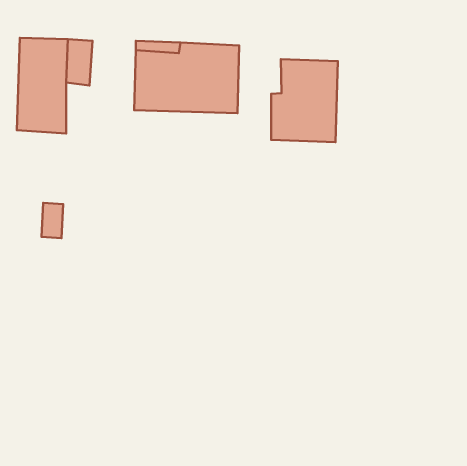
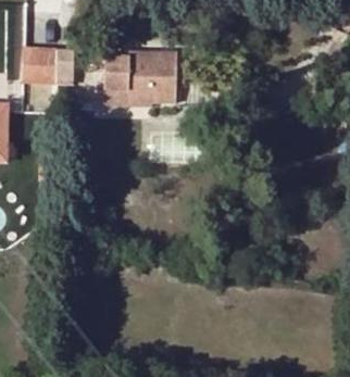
building: [271,59,338,142] -> none

